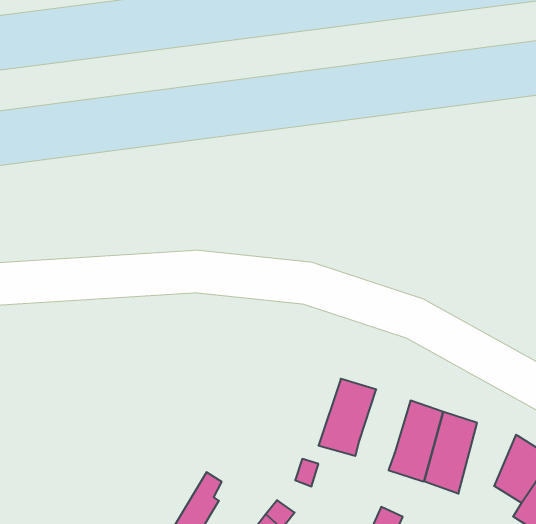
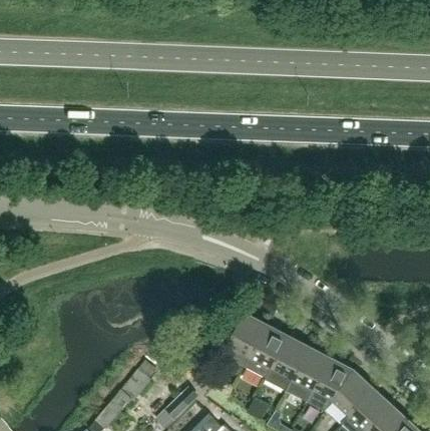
building: none -> [246,325,288,377]
building: none -> [309,358,353,411]

